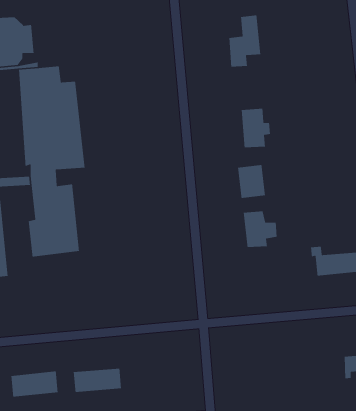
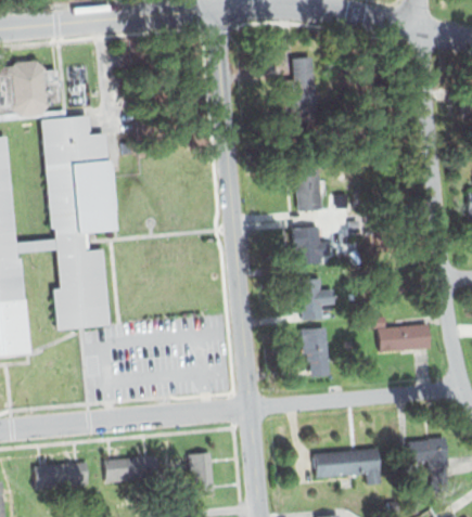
building: none -> [302,326,332,378]
building: none -> [314,448,381,484]
building: none -> [189,454,214,497]

